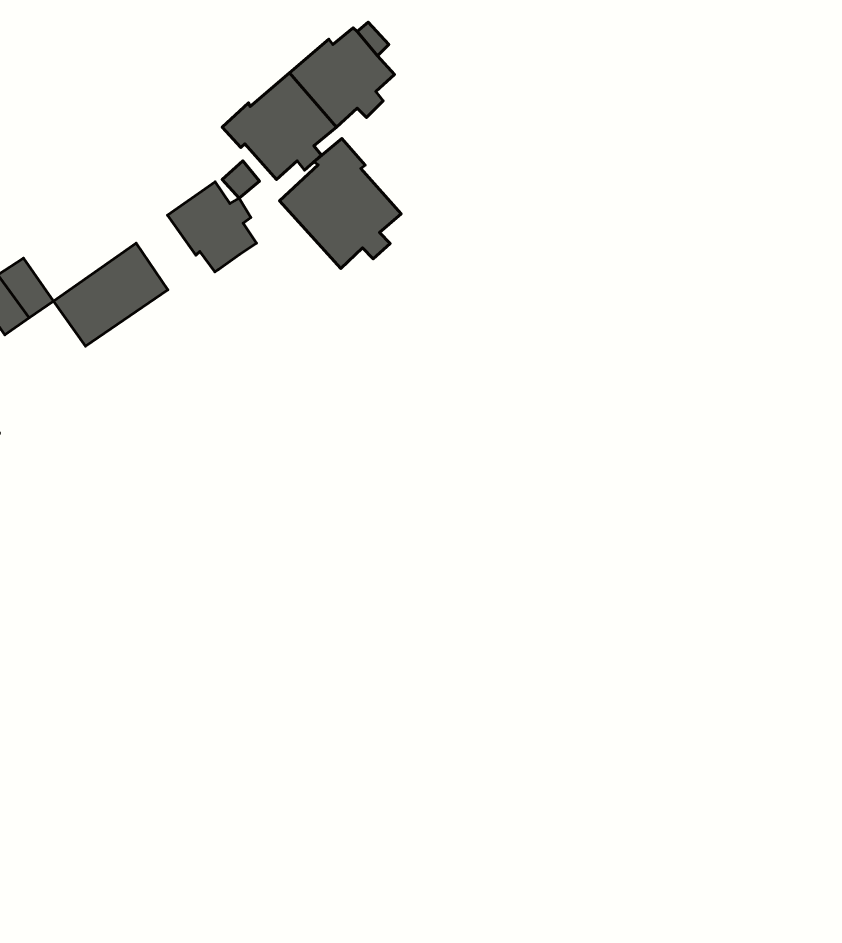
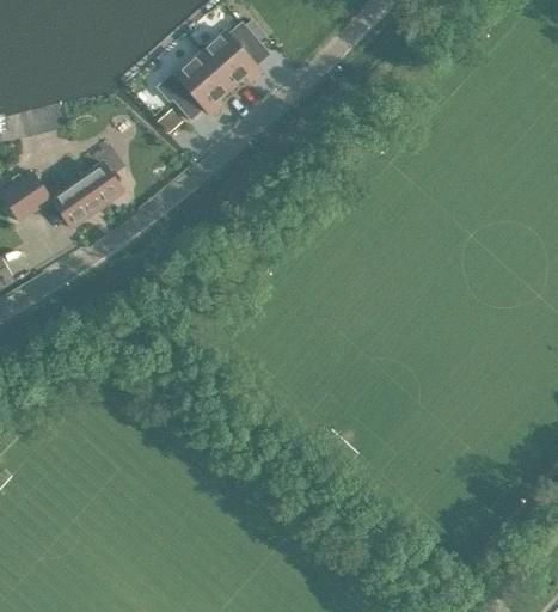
building: [279,138,401,268] -> none
building: [167,182,257,272] -> none

